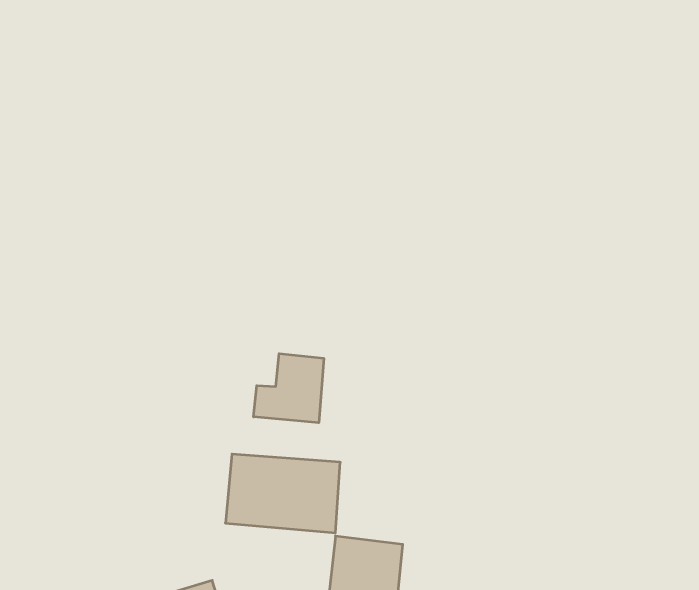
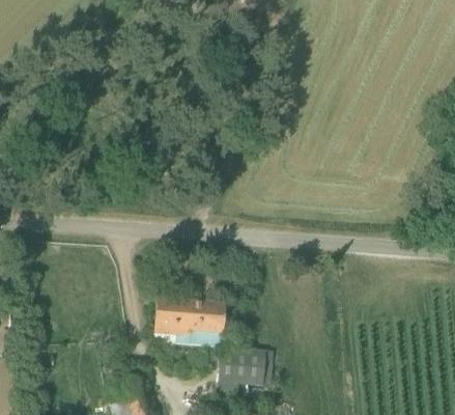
building: [254,354,324,423] -> none

